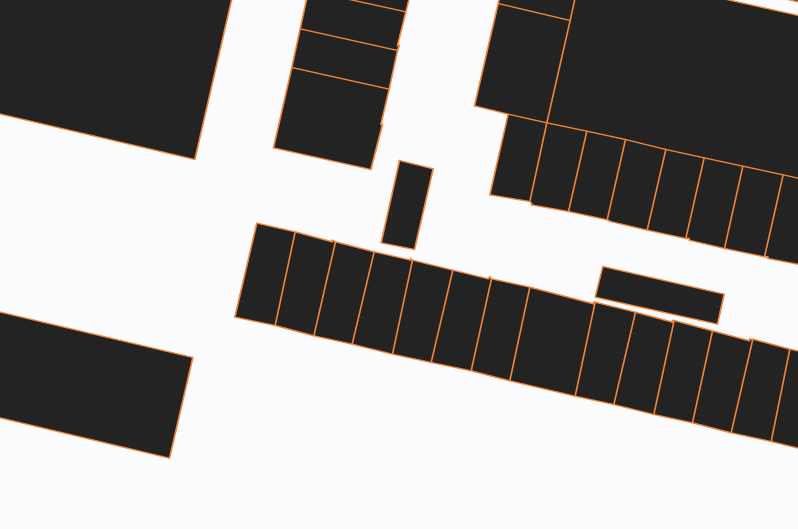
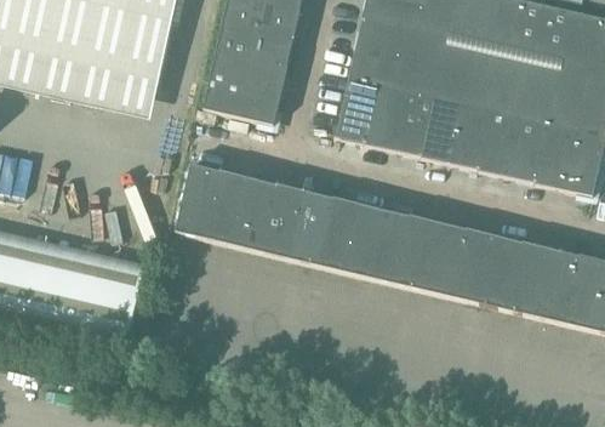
building: [381,161,433,249] -> [336,78,373,142]
building: [595,266,724,324] -> none

